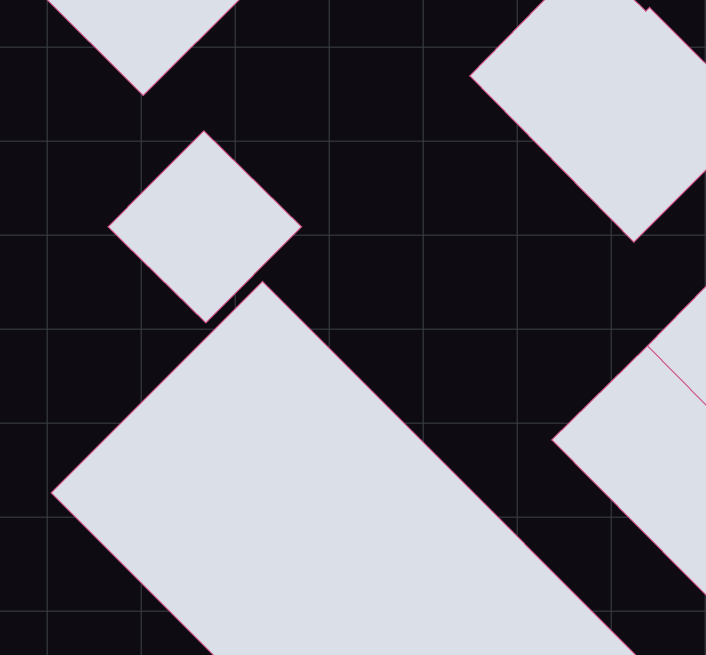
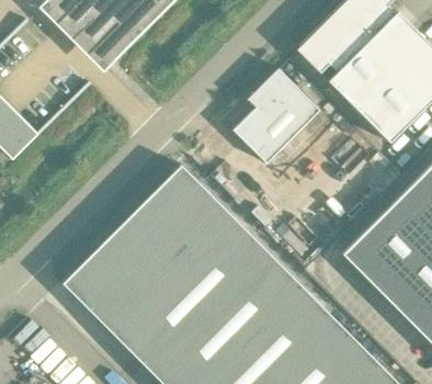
building: [108,131,302,323] -> [224,68,332,176]

